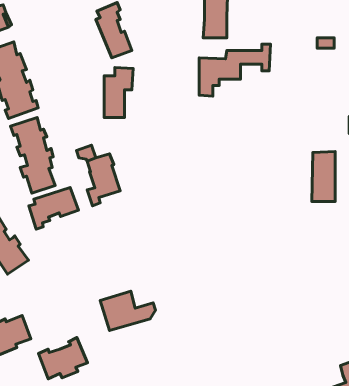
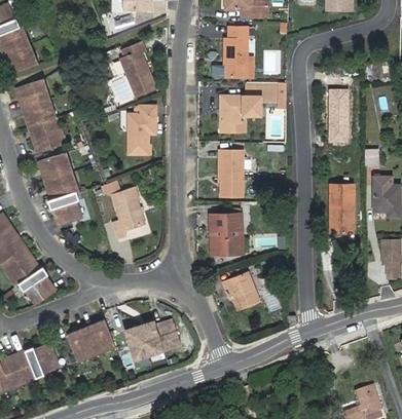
building: none -> [329,88,349,143]
building: none -> [220,150,243,196]
building: none -> [212,215,243,253]
building: [29,188,78,229] -> none
building: none -> [222,270,259,310]
building: [39,337,88,379] -> [66,318,113,358]

